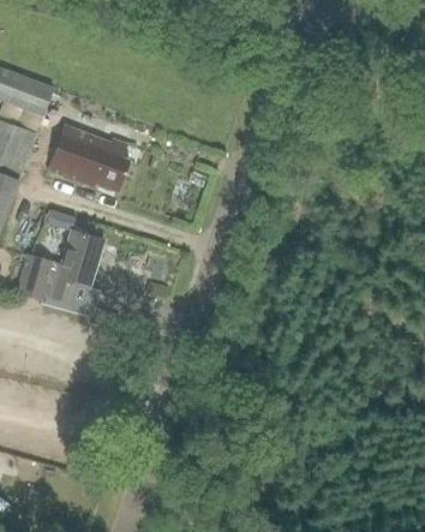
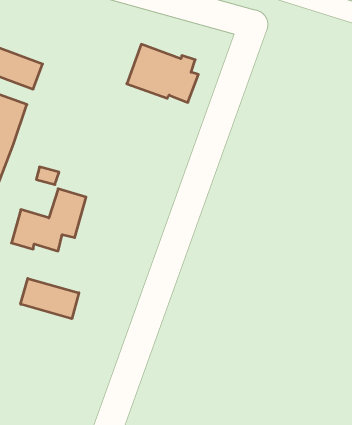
building: [47,125,130,192] -> [127,44,198,102]
building: none -> [21,278,79,319]

